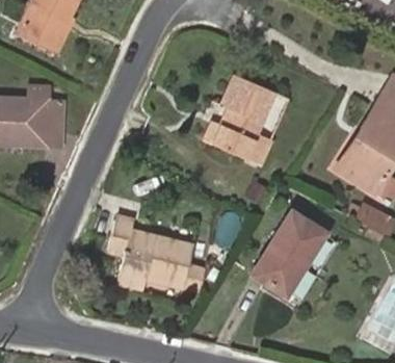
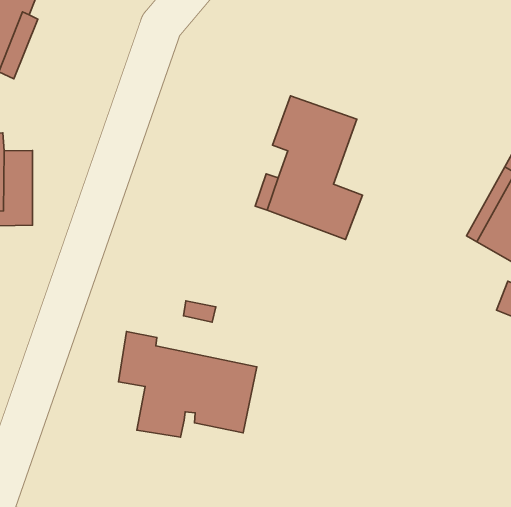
building: [257,217,327,300] -> none

